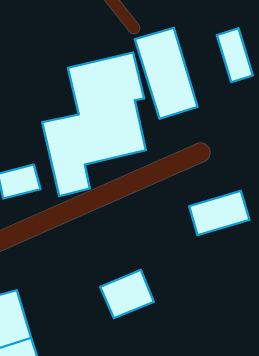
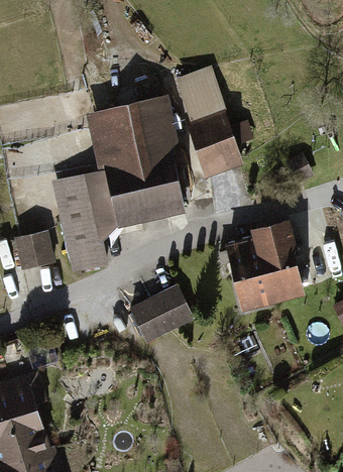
building: [217,28,253,82] -> none
building: none -> [221,228,293,280]
building: [100,270,154,318] -> [131,282,195,340]

